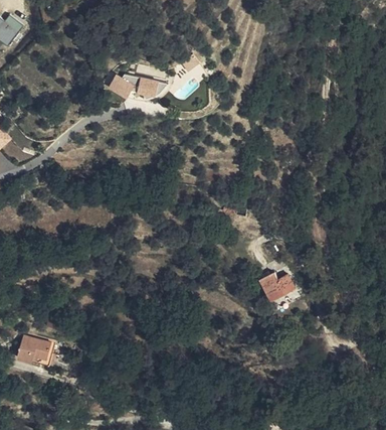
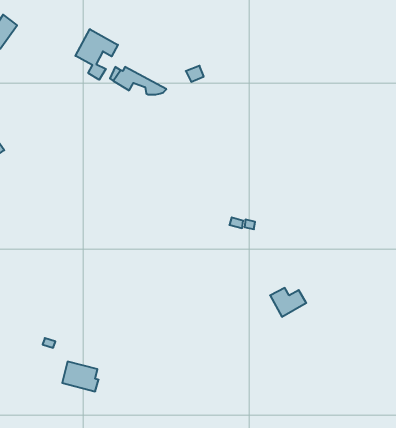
building: none -> [75,29,118,80]
building: [18,336,52,365] -> [62,362,99,391]

